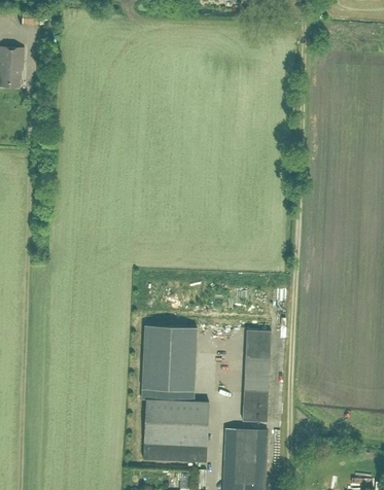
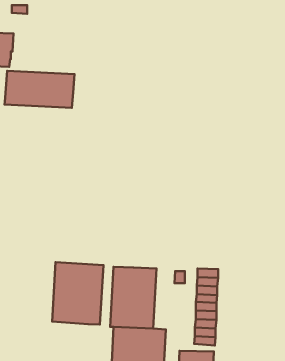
building: none -> [5,71,74,108]
building: none -> [52,262,103,325]

